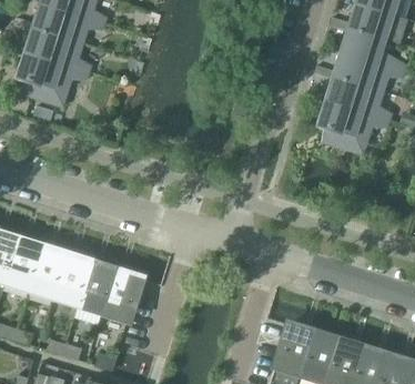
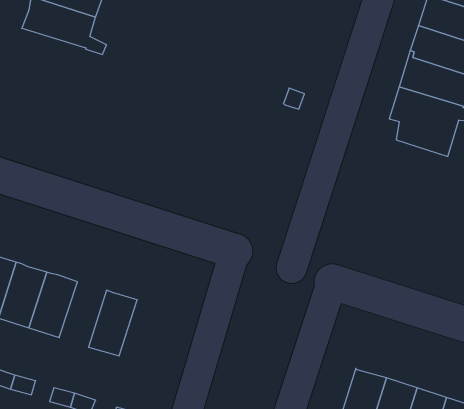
building: [16,52,88,107] -> none
building: [53,254,91,306] -> none
building: [101,269,141,321] -> none

